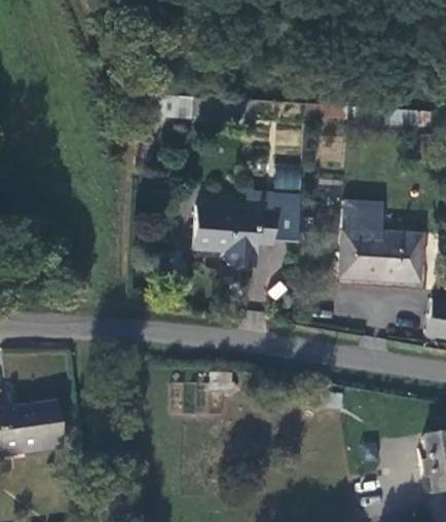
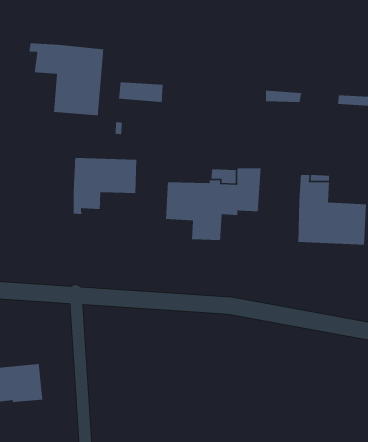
building: none -> [28,42,104,116]
building: none -> [73,157,137,215]

